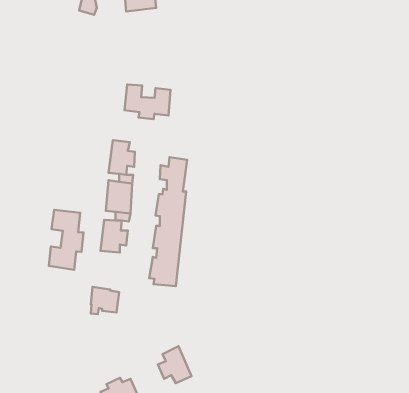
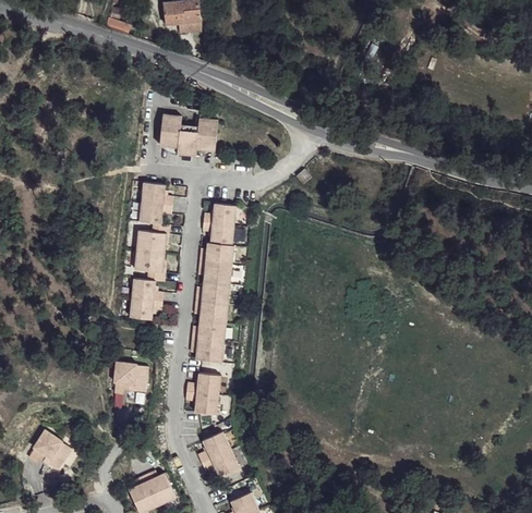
building: [49,210,84,270] -> none
building: none -> [189,376,225,417]
building: none -> [28,429,72,471]

